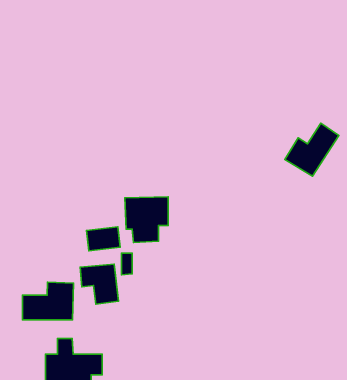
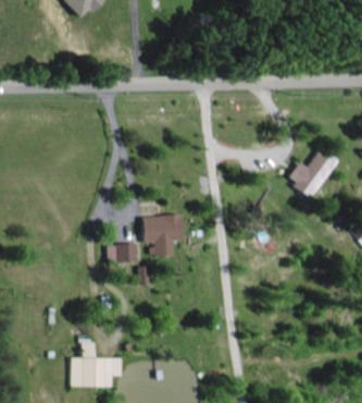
building: [80,264,119,304] -> none
building: [22,282,73,320] -> none

